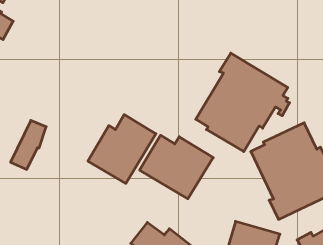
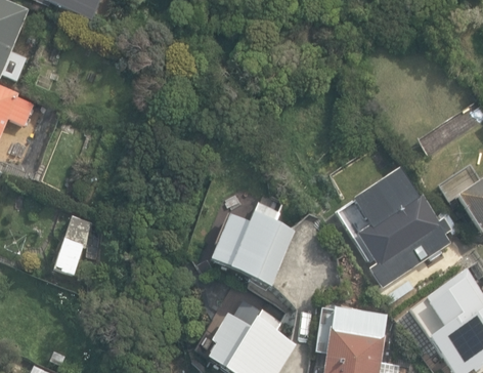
building: [196,53,290,152] -> none
building: [88,115,156,183] -> none

